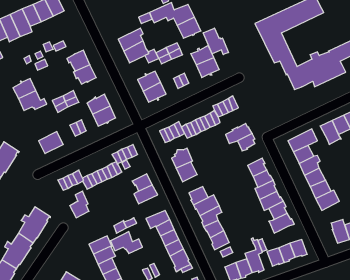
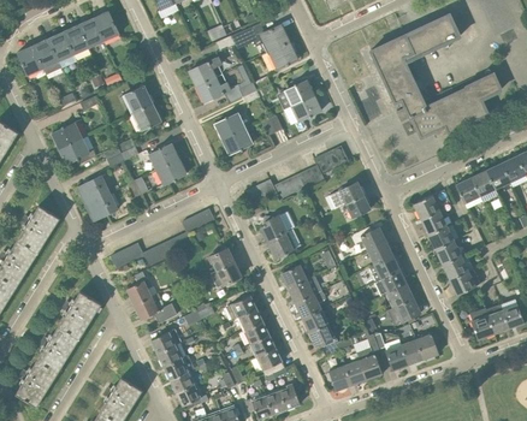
building: [203,28,228,55] -> none
building: none -> [77,174,109,203]
building: [110,232,142,254] -> [135,292,177,321]

